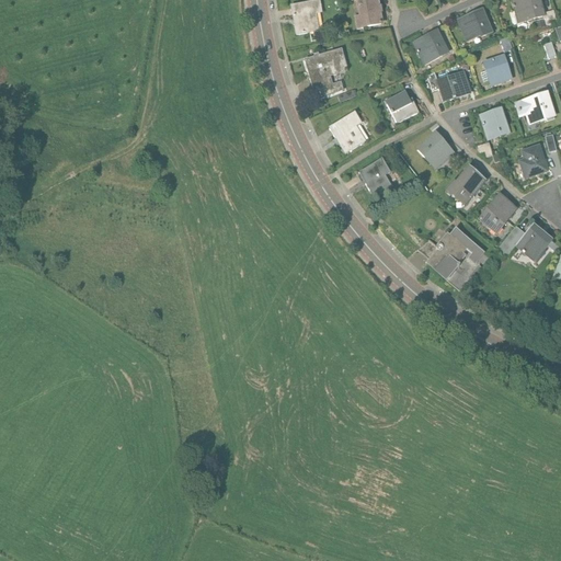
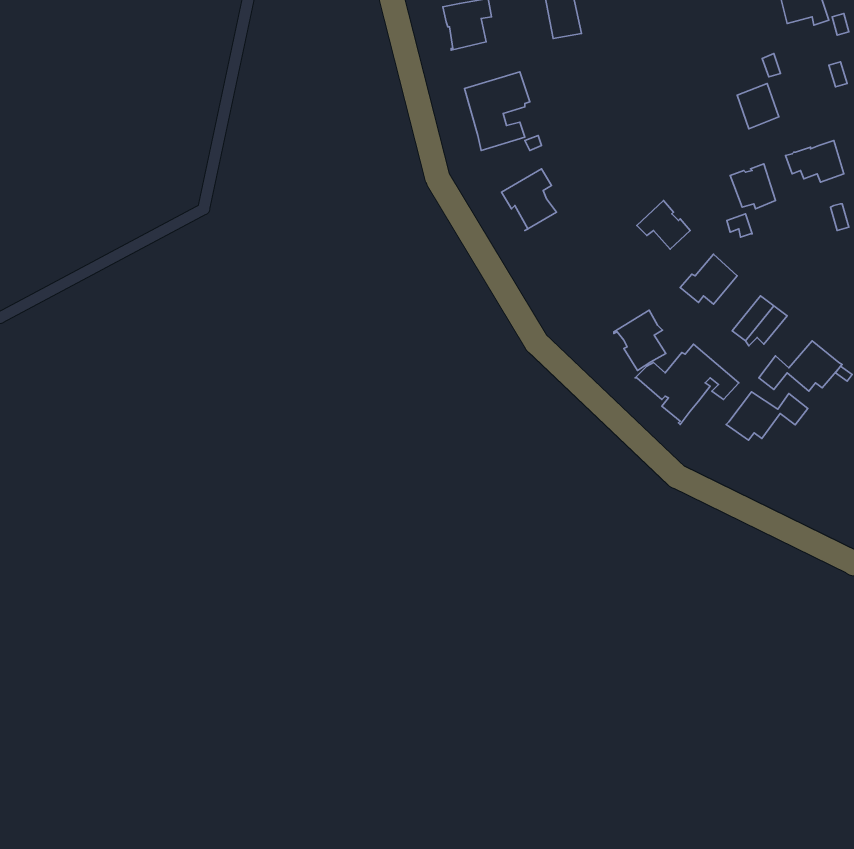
building: [458,9,491,35] -> none
building: [413,30,447,57] -> none
building: [427,71,470,100] -> none
building: [386,90,419,122] -> none
building: [522,145,547,176] -> none
building: [358,157,392,196] -> [614,310,666,370]
building: none -> [726,392,808,440]

